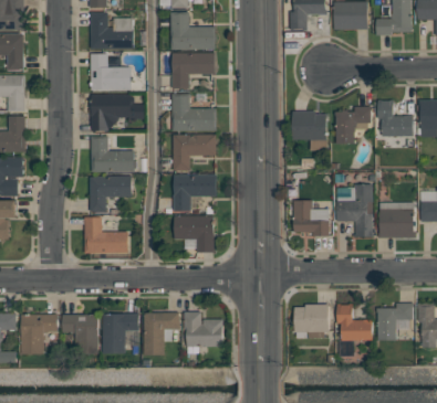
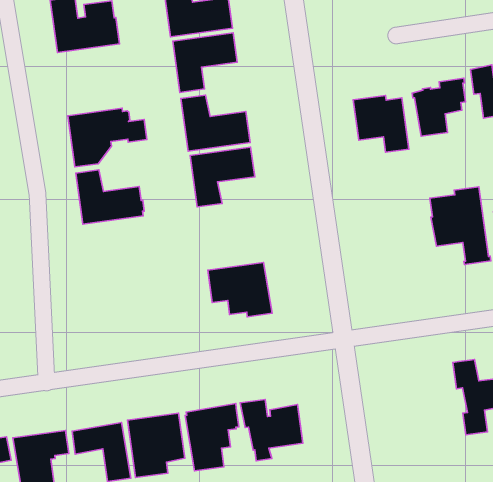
building: [90,54,131,91] -> none
building: [173,174,217,212] -> none
building: [89,176,132,213] -> none
building: [293,201,329,236] -> none
building: [84,218,128,254] -> none
building: [294,305,329,339] -> none

